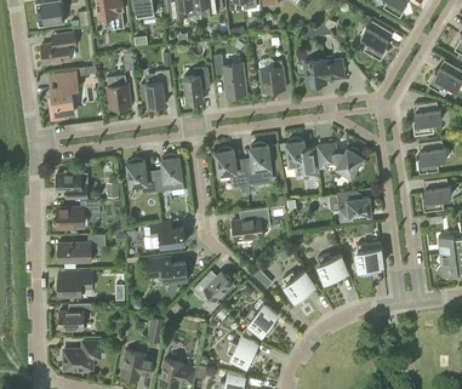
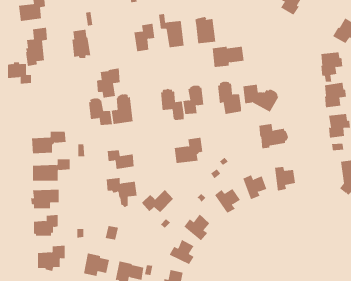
building: [304,59,344,86] -> [212,46,244,68]
building: [141,69,171,107] -> [96,68,121,98]
building: [57,171,87,199] -> [7,62,32,84]

